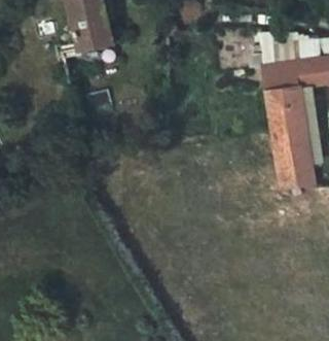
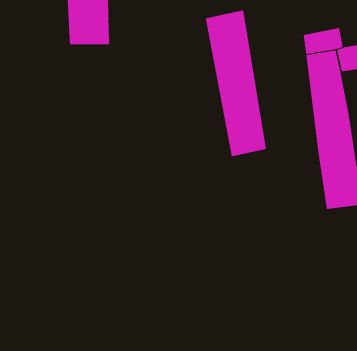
building: none -> [205,10,266,157]

